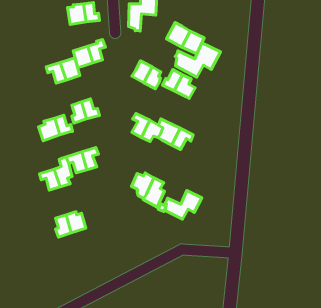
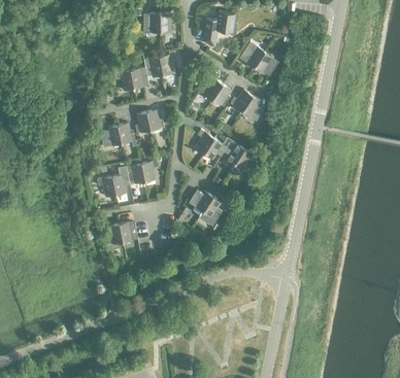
building: [175,43,221,77] -> none
building: [165,191,202,219] -> none

